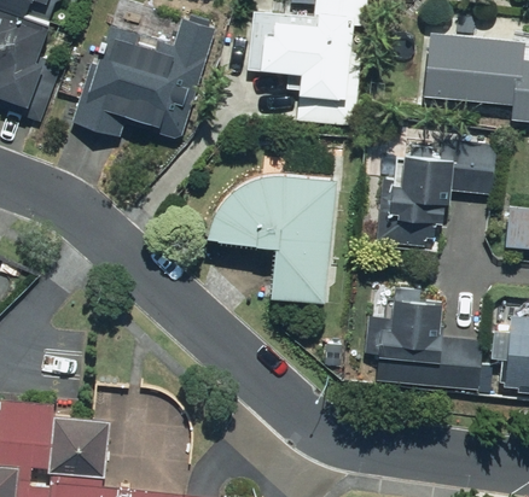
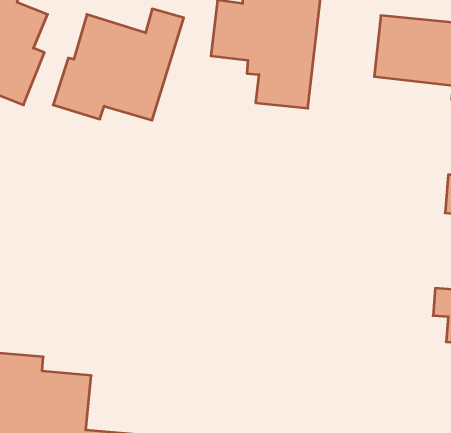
building: [390,141,495,239] -> none
building: [209,171,339,303] -> none
building: [361,297,481,393] -> none

